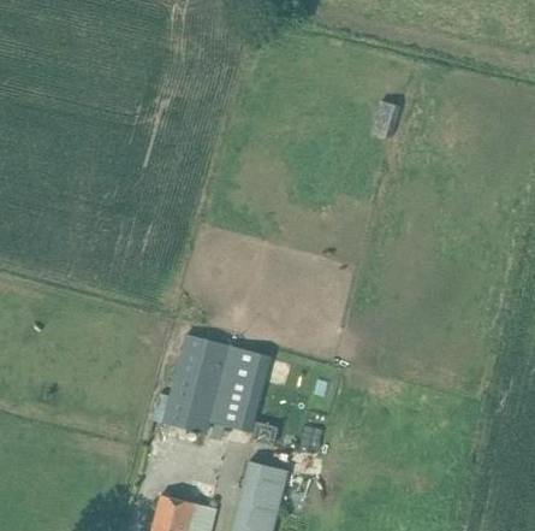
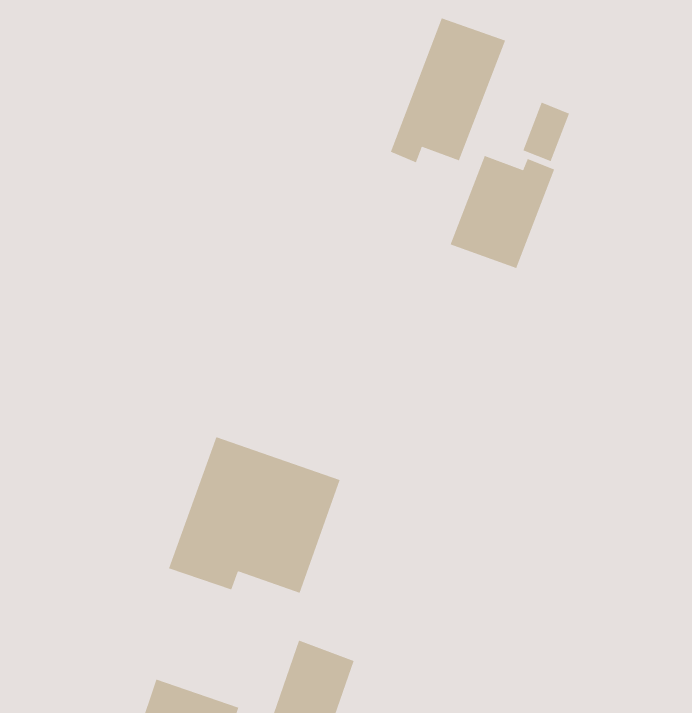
building: none -> [390,18,506,163]
building: none -> [450,155,555,269]

